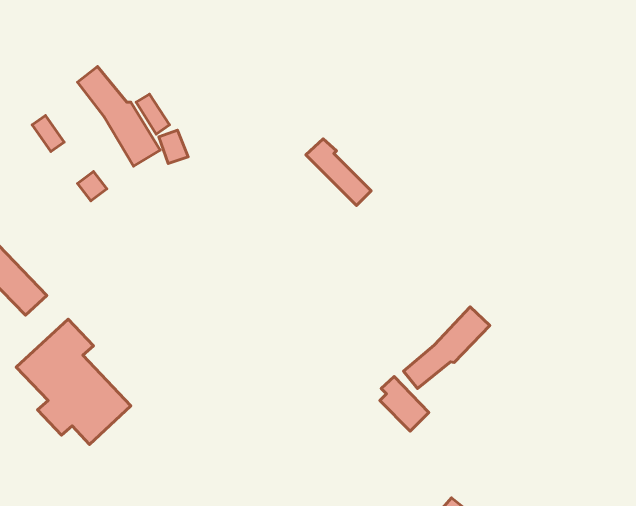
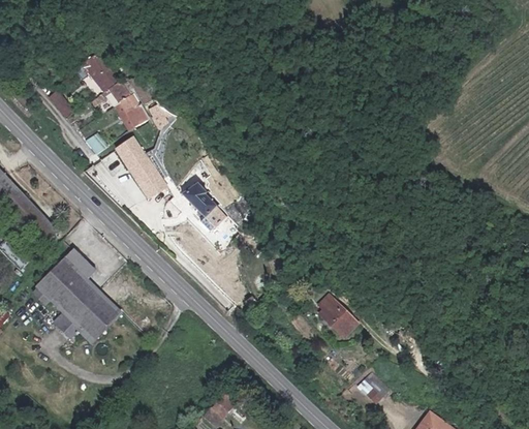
building: [306,139,371,205] -> [180,179,230,231]
building: none -> [117,141,165,196]
building: [404,307,490,388] -> none

